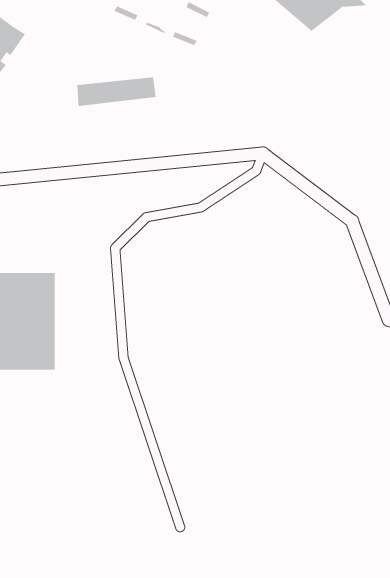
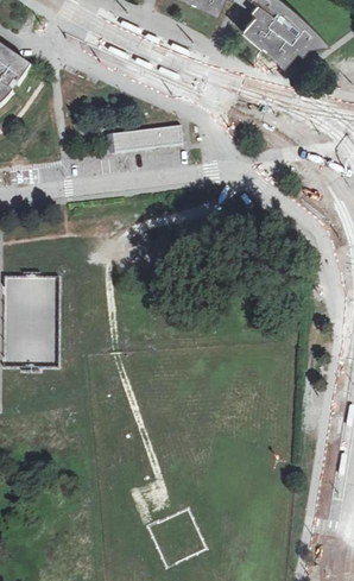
building: [76,77,156,106] -> [112,126,182,152]

